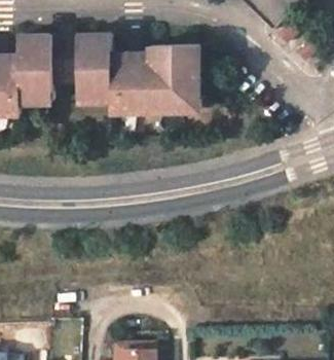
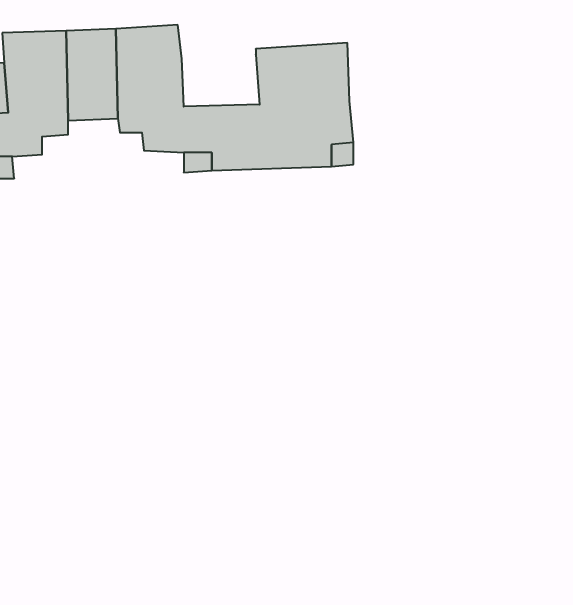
building: [112,50,152,77] -> none

